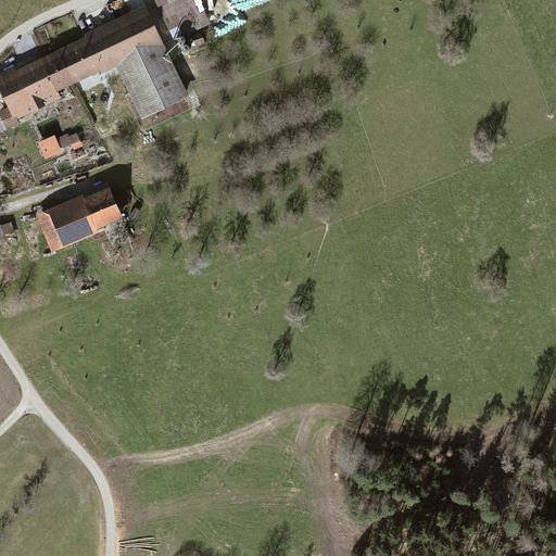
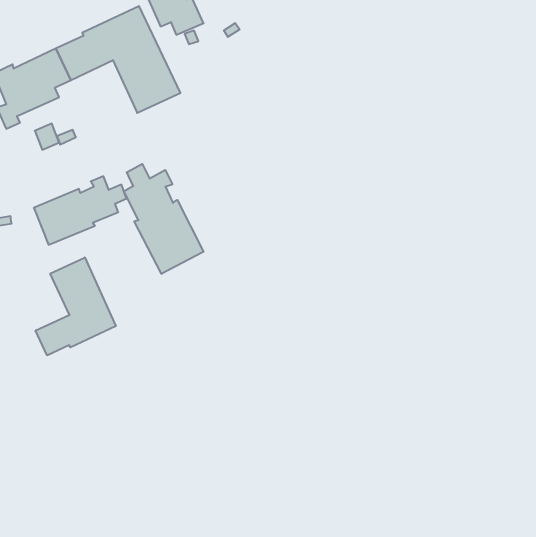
building: none -> [124,164,204,274]
building: none -> [36,257,116,355]

